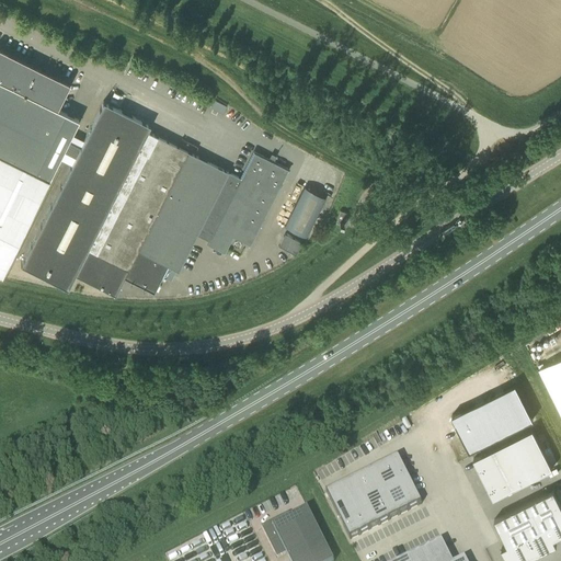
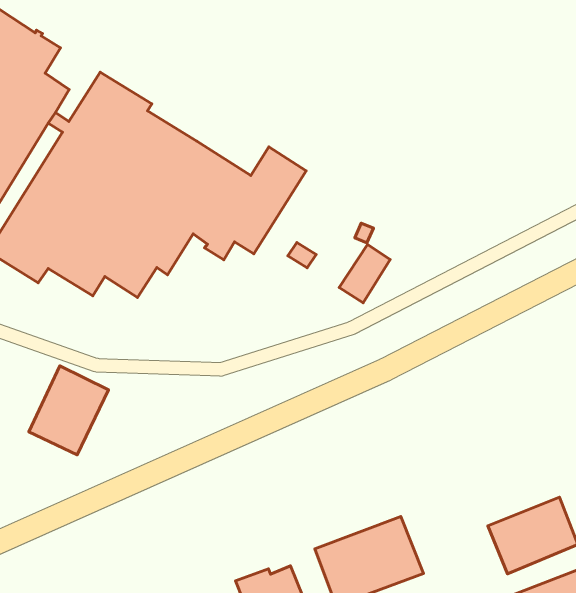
building: [284,190,325,240] -> [339,244,390,303]
building: none -> [29,366,108,455]
building: [451,387,533,454] -> none

